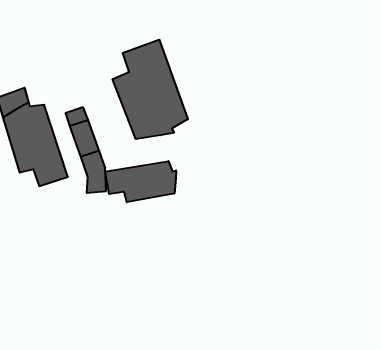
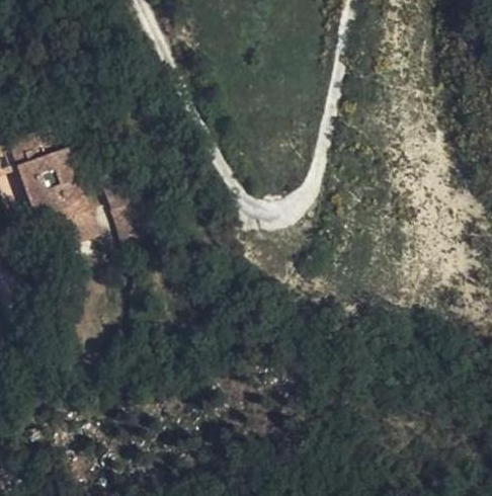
building: [113,40,188,139] -> none
building: [105,161,176,202] -> none

